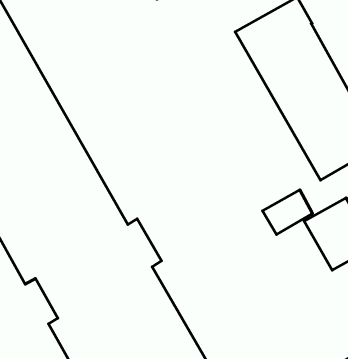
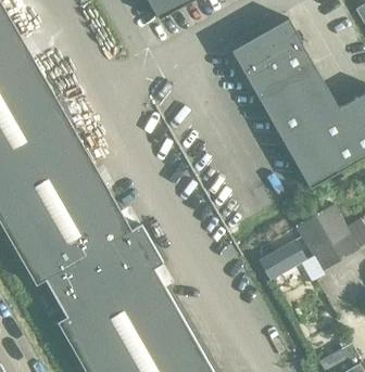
building: [262,190,313,234] -> [259,240,305,281]

